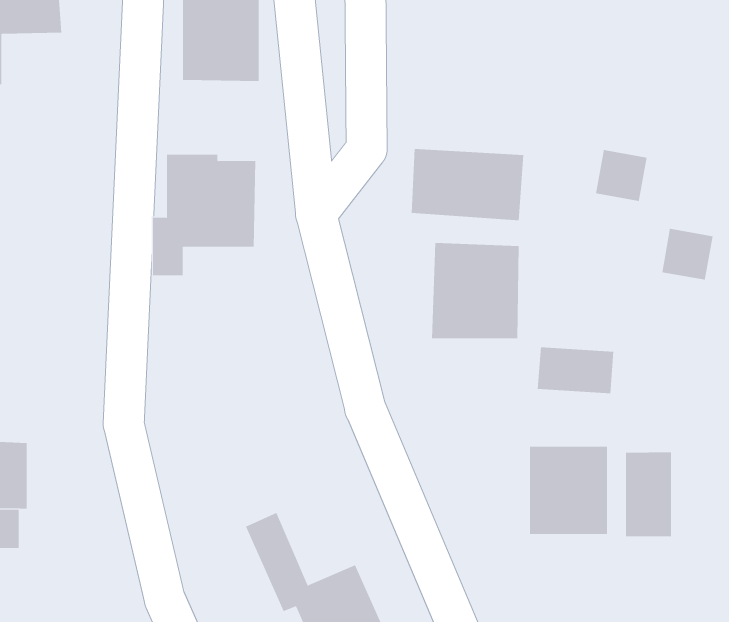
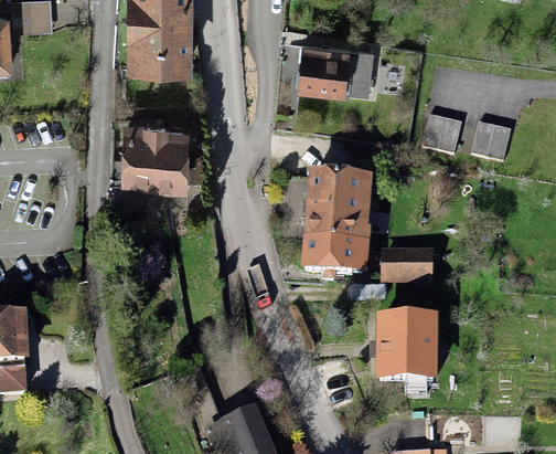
building: [411,148,524,221] -> [299,42,378,93]
building: [661,228,713,280] -> [474,119,511,156]
building: none -> [308,245,368,273]
building: [626,452,671,537] -> none

